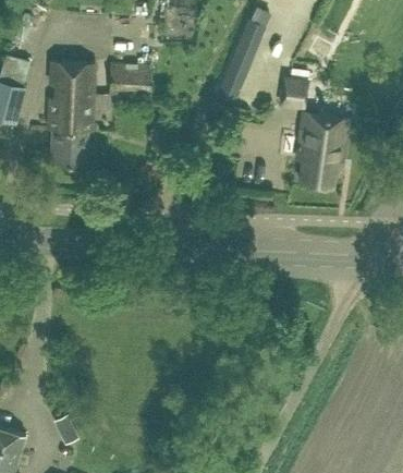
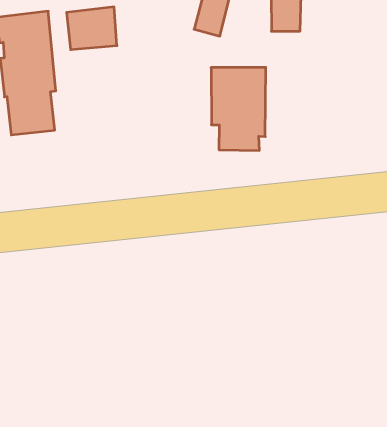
building: [296,112,349,187] -> [211,67,266,150]

